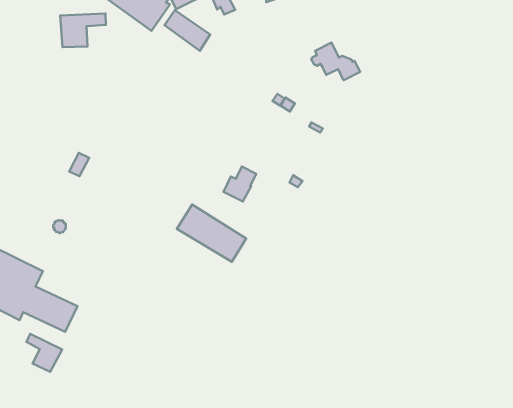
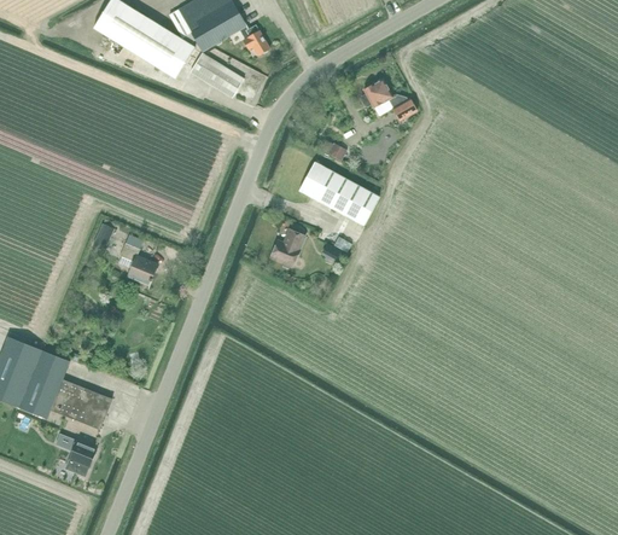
building: [60,13,106,47] -> none
building: none -> [119,242,158,284]
building: [177,204,246,262] -> [298,161,378,223]

